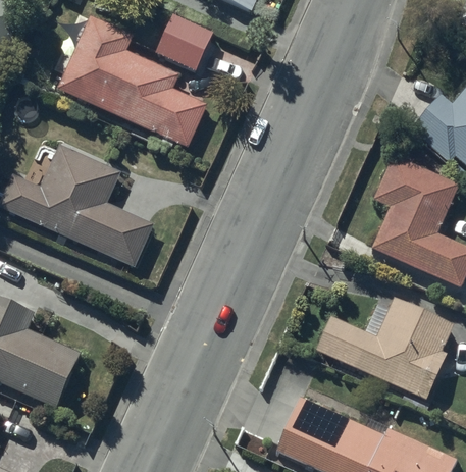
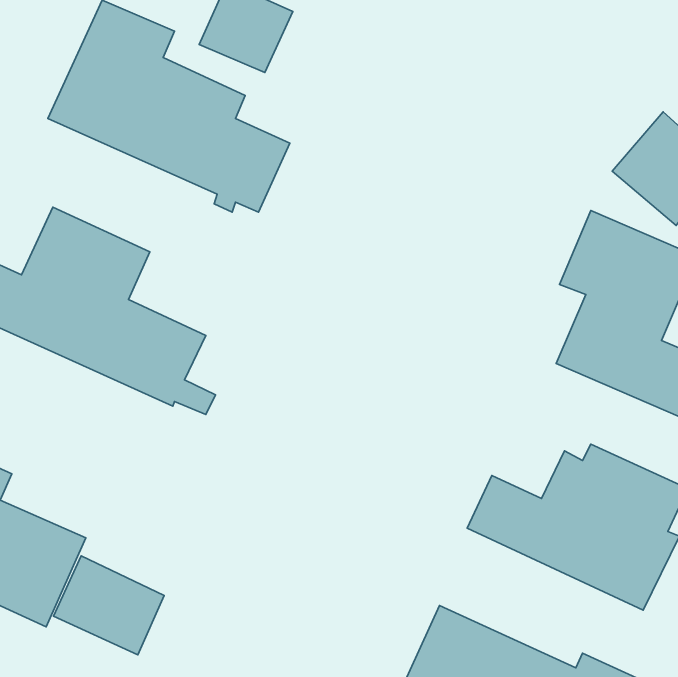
building: none -> [53,556,164,655]

